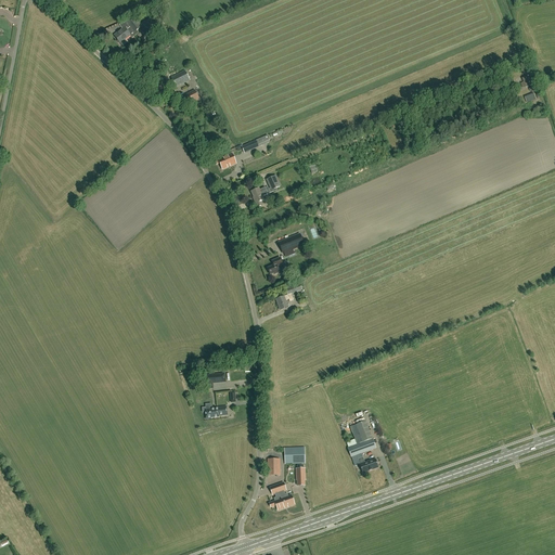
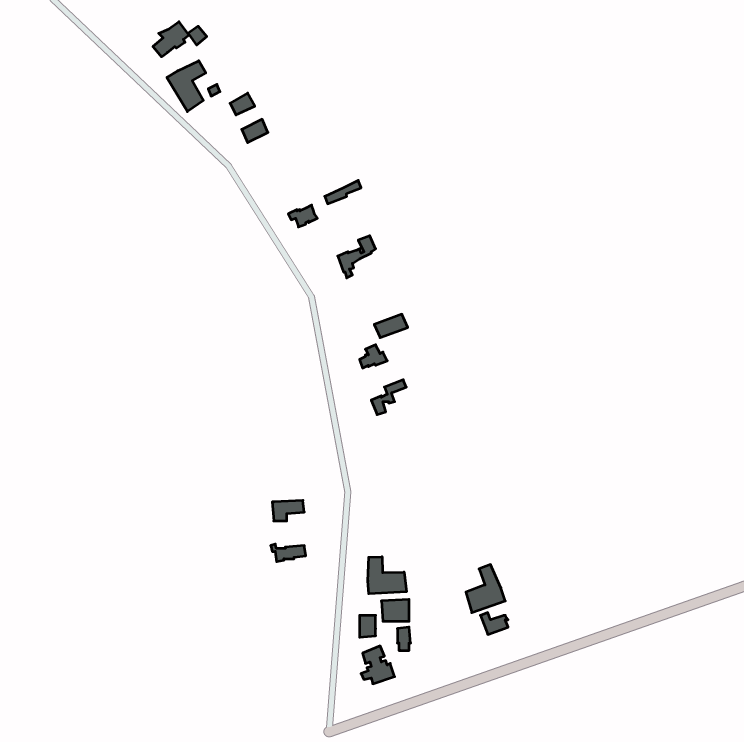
building: none -> [167,61,206,112]
building: none -> [368,557,406,594]

